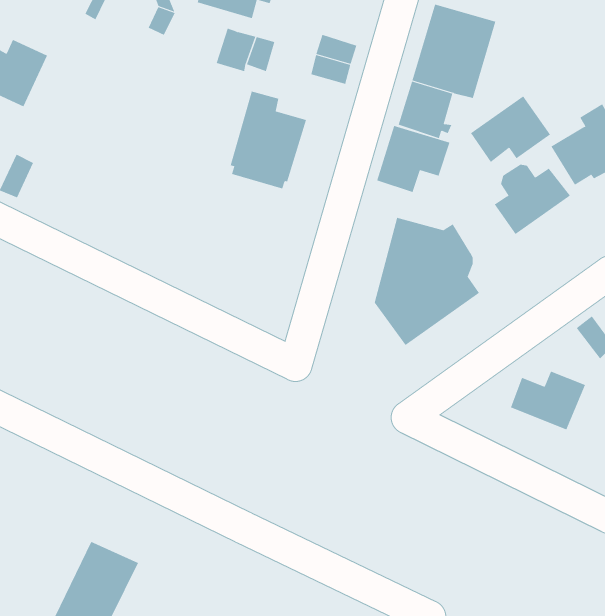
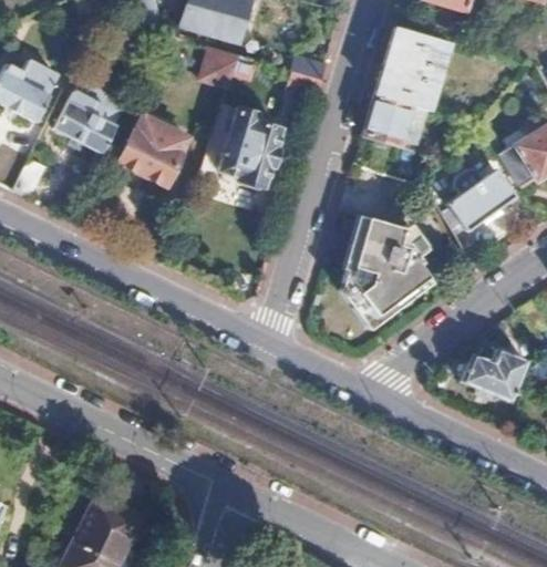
building: none -> [53,76,123,151]
building: [470,96,551,163] -> none
building: none -> [120,116,186,184]
building: [376,125,450,193] -> none

